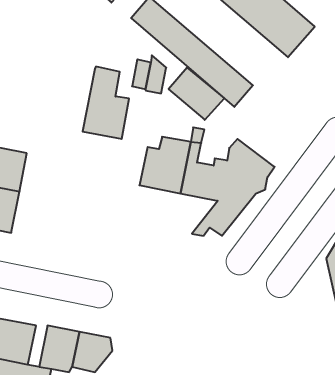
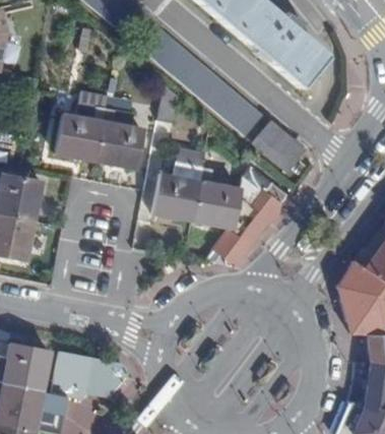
building: none -> [56,94,109,161]
building: [169,67,224,120] -> [252,120,307,172]

